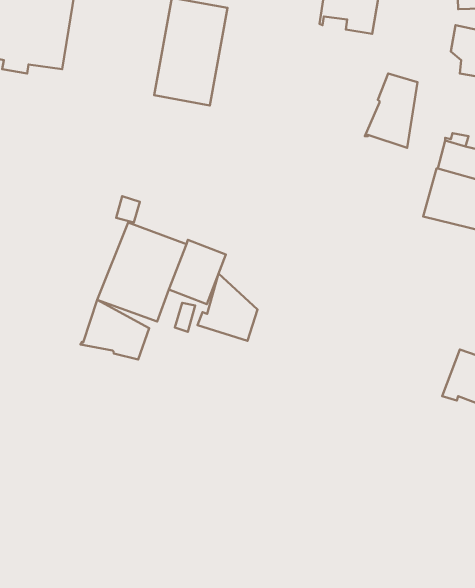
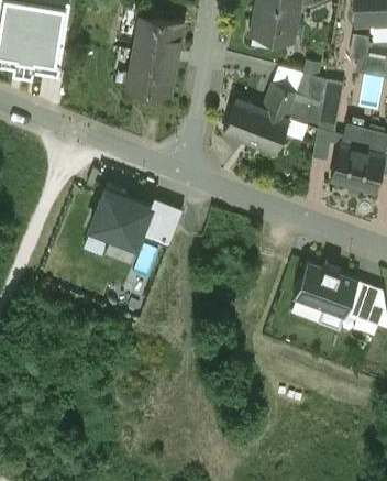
building: none -> [318,79,343,134]
building: none -> [223,84,297,153]
building: [198,274,258,341] -> none
building: [80,300,149,359] -> none
building: none -> [292,261,357,330]

